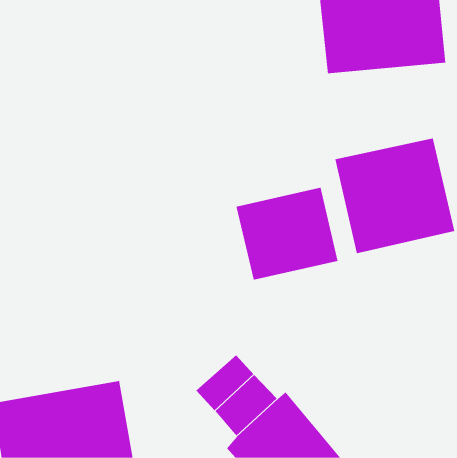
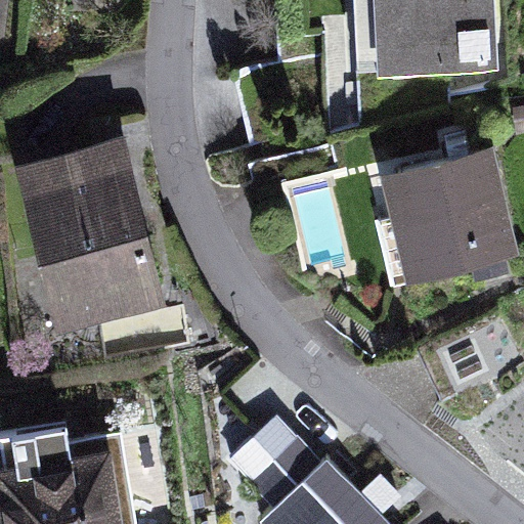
building: none -> [15,146,155,329]
building: [236,187,338,281] -> none

